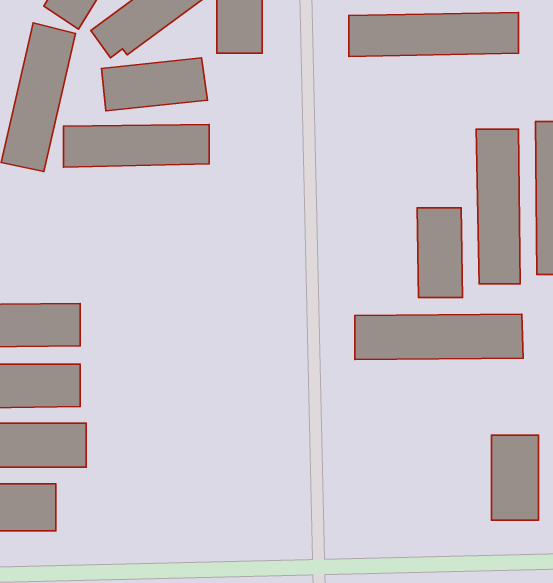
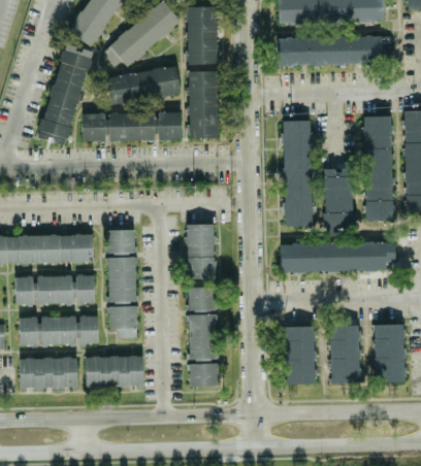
building: none -> [188,71,219,138]
building: none -> [283,121,314,226]
building: none -> [187,223,216,278]
building: none -> [106,229,137,338]
building: none -> [187,287,219,387]
building: none -> [328,324,362,382]
building: none -> [284,326,316,384]
building: none -> [86,355,143,388]

